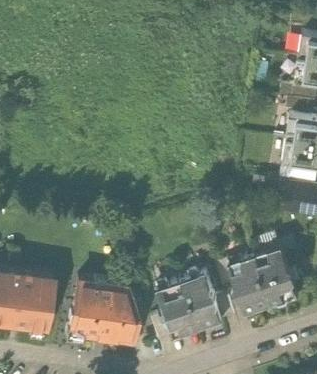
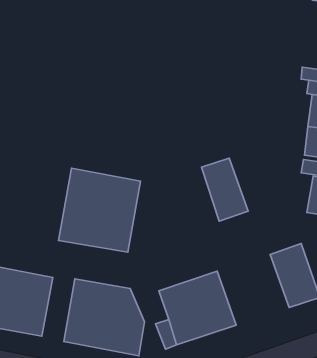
building: none -> [58,168,141,252]
building: [229,254,271,311] -> [202,158,248,221]

